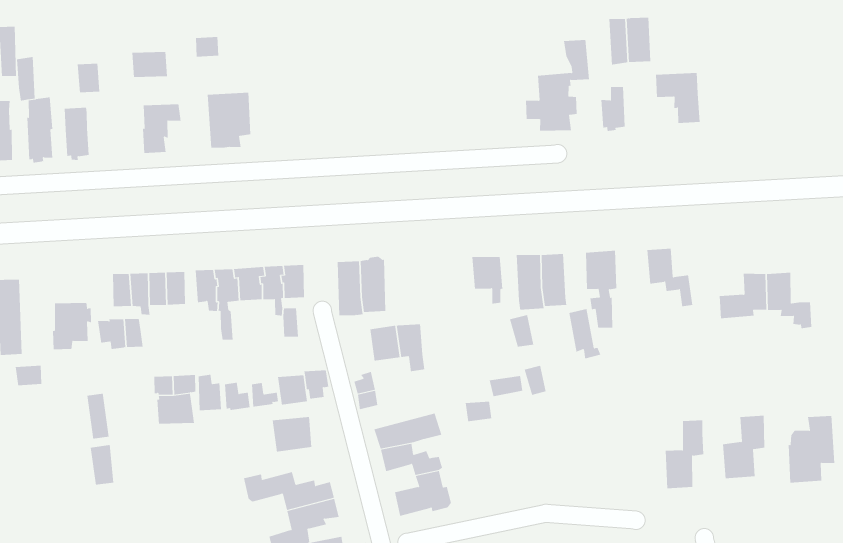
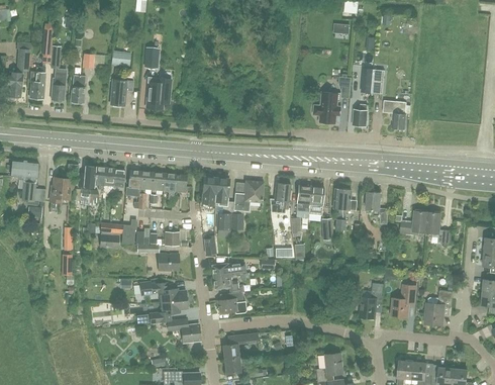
building: none -> [233,180,263,210]

